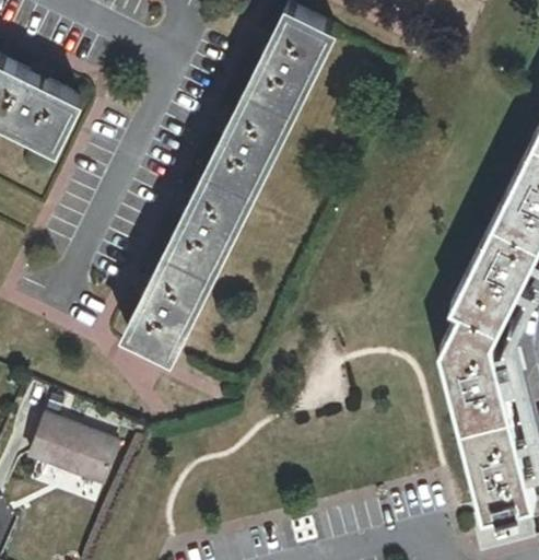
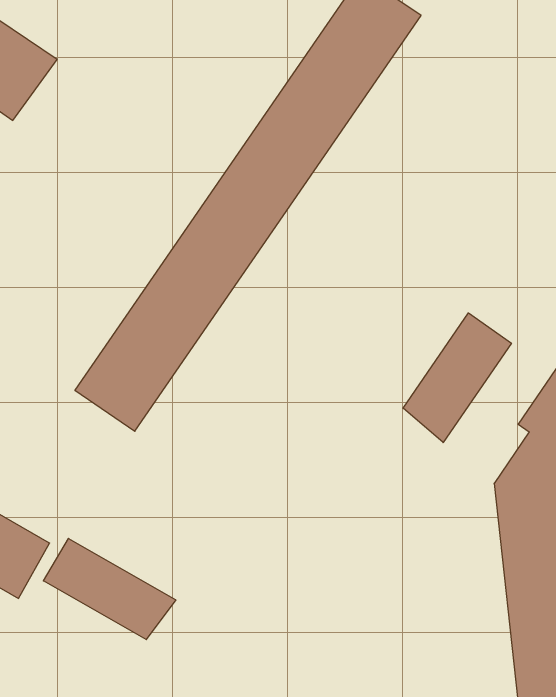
building: none -> [403,313,511,443]
building: none -> [43,538,176,640]

